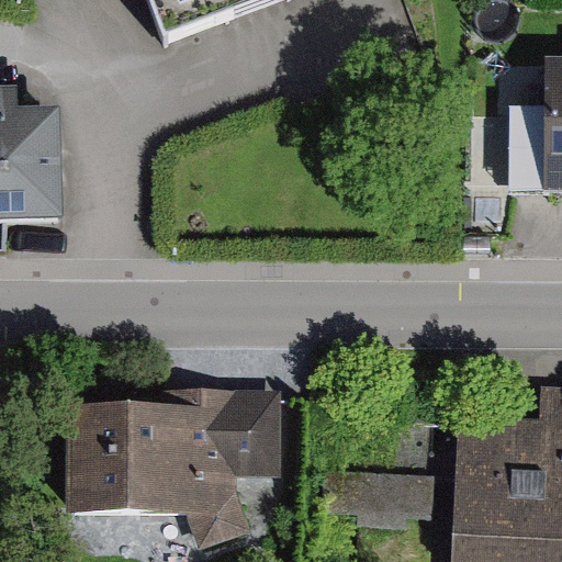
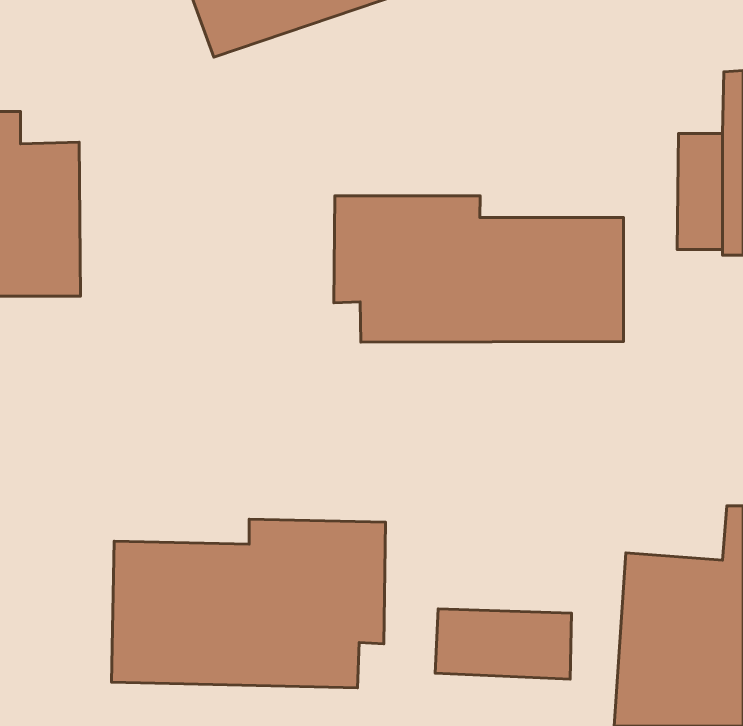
building: none -> [334,196,624,342]

